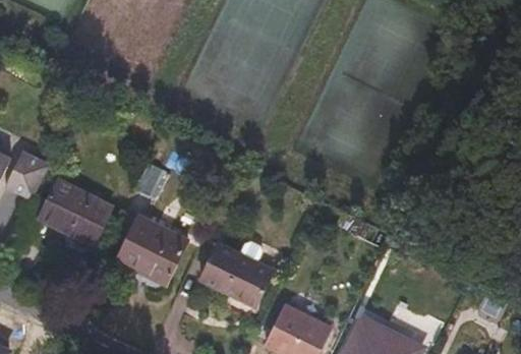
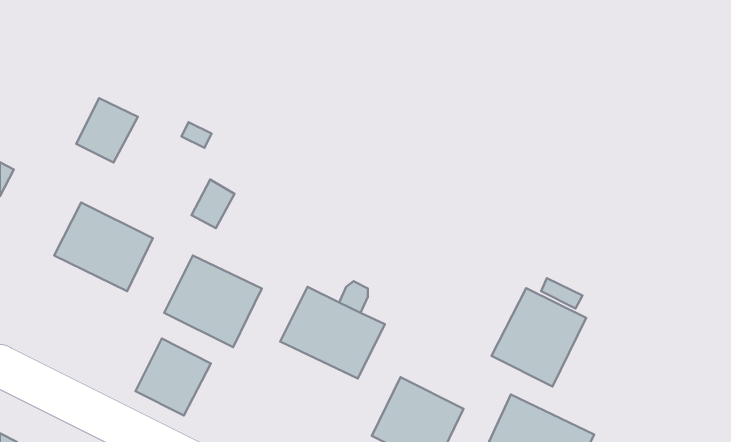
building: [7,153,51,198] -> [76,98,138,163]
building: none -> [492,288,586,387]
building: none -> [135,338,211,415]

